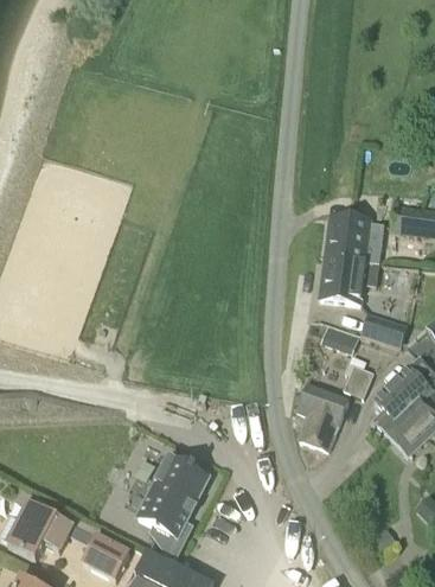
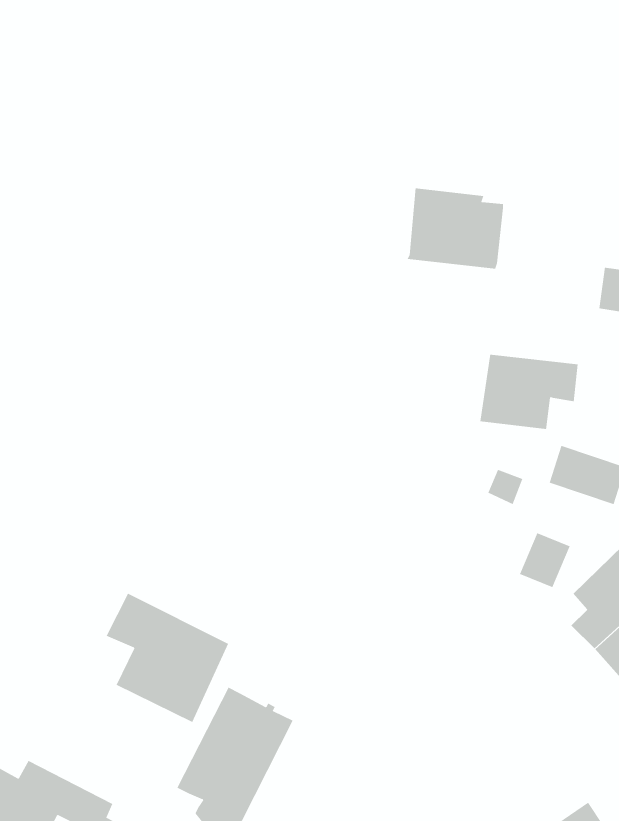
building: [325,215,383,263] -> [407,188,504,269]
building: [296,382,348,449] -> none
building: none -> [106,593,229,723]

